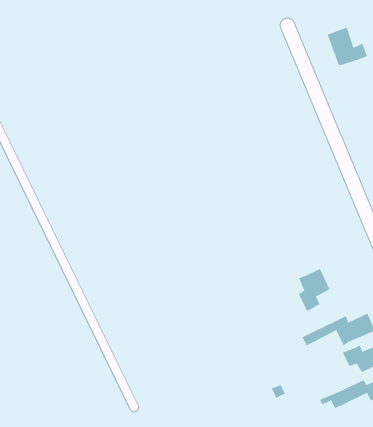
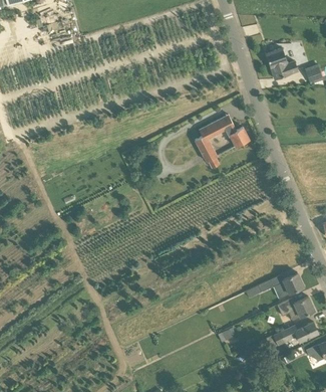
building: none -> [194,115,249,168]
building: [298,268,330,312] -> none

